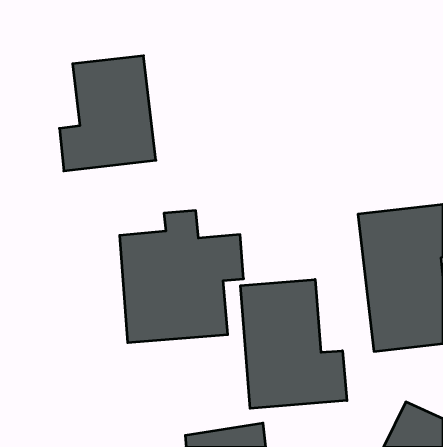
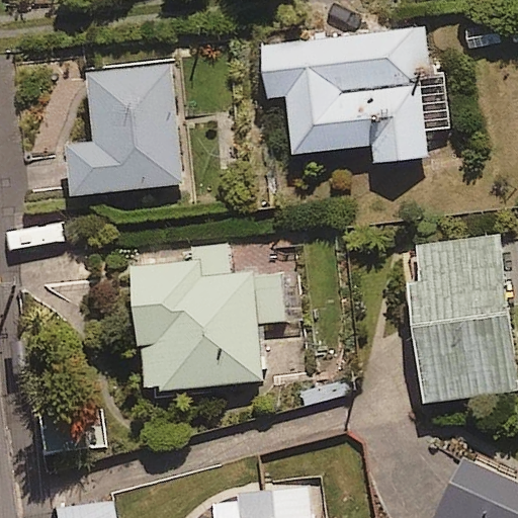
building: none -> [265,25,442,166]
building: [241,279,347,408] -> none

